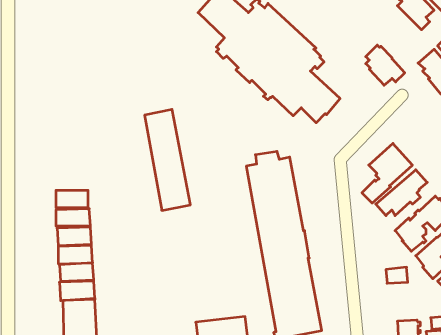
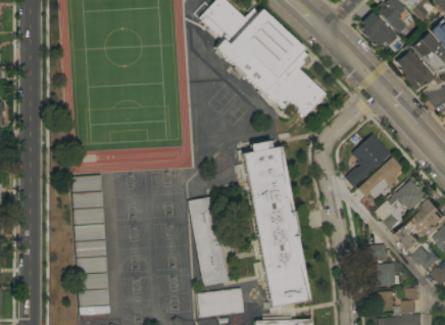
building: [366,45,405,85] -> [361,11,396,47]
building: [145,109,190,210] -> [188,195,229,285]
building: none -> [370,262,401,286]

